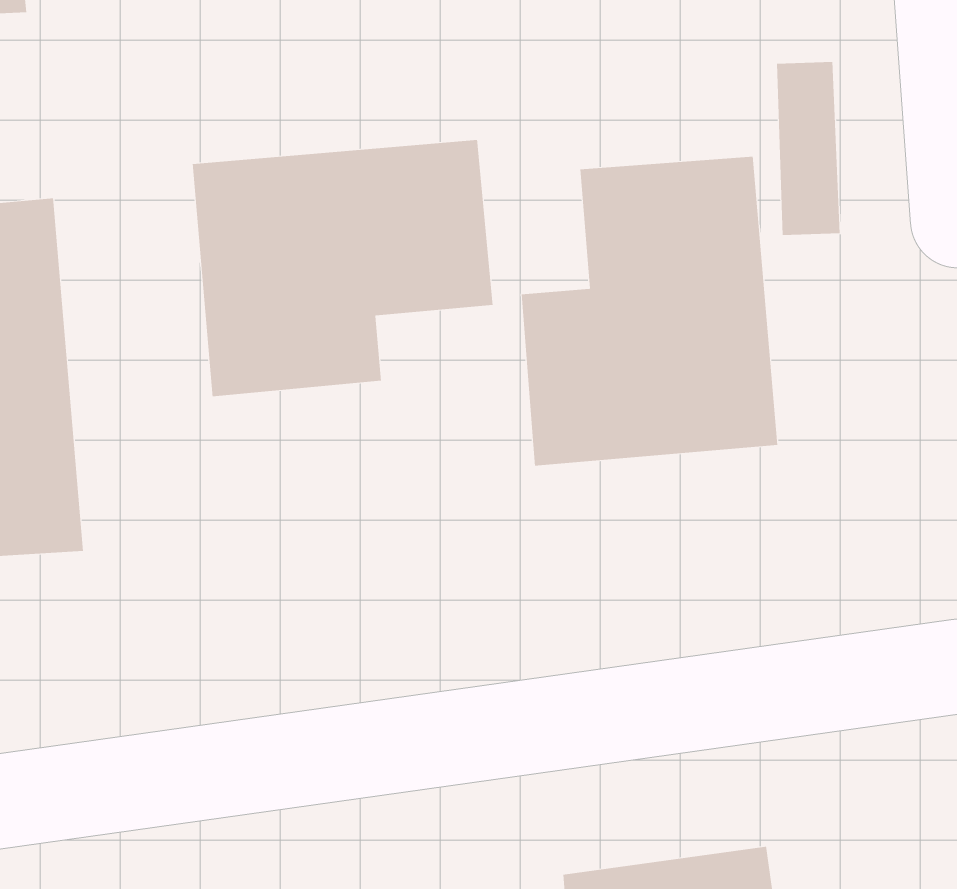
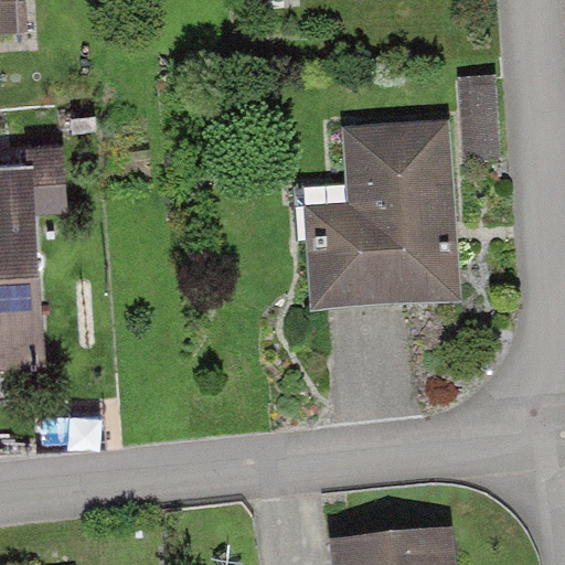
building: [192,139,493,397] -> none

